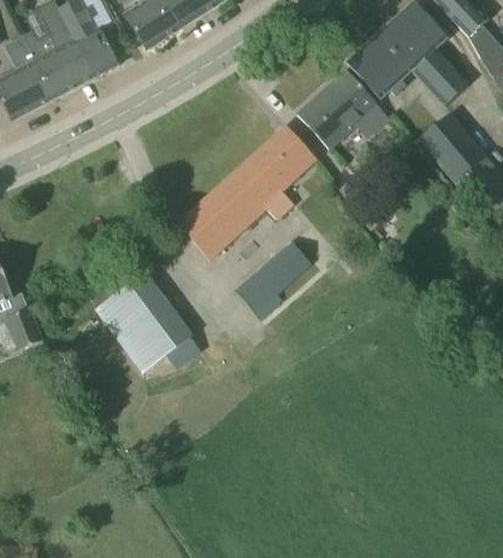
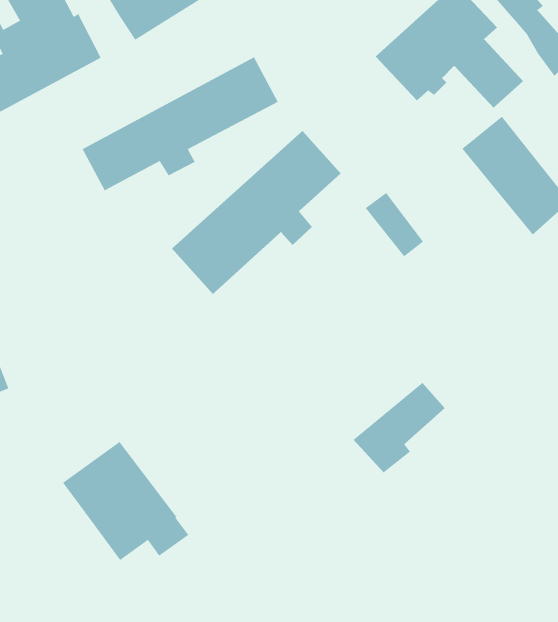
building: none -> [82,56,278,191]
building: [296,69,389,149] -> none
building: [233,241,310,316] -> [353,382,445,473]
building: [95,272,201,372] -> [62,441,189,561]

